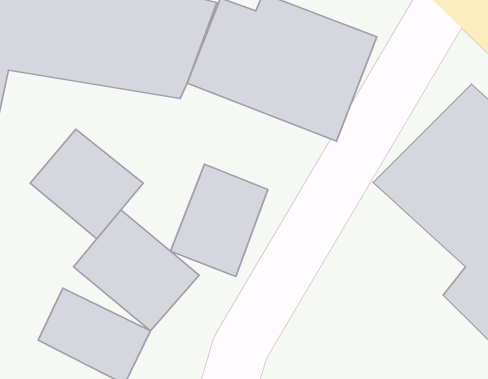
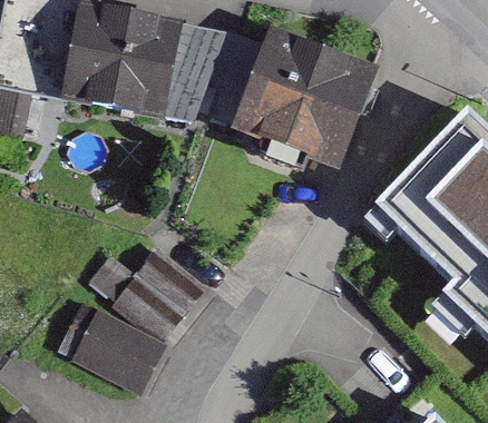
building: [30,129,143,239] -> none
building: [170,164,268,277] -> none

